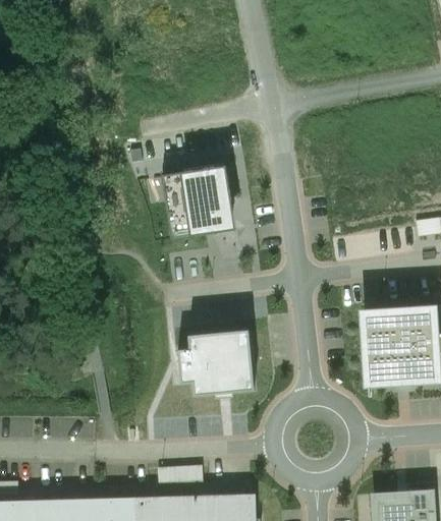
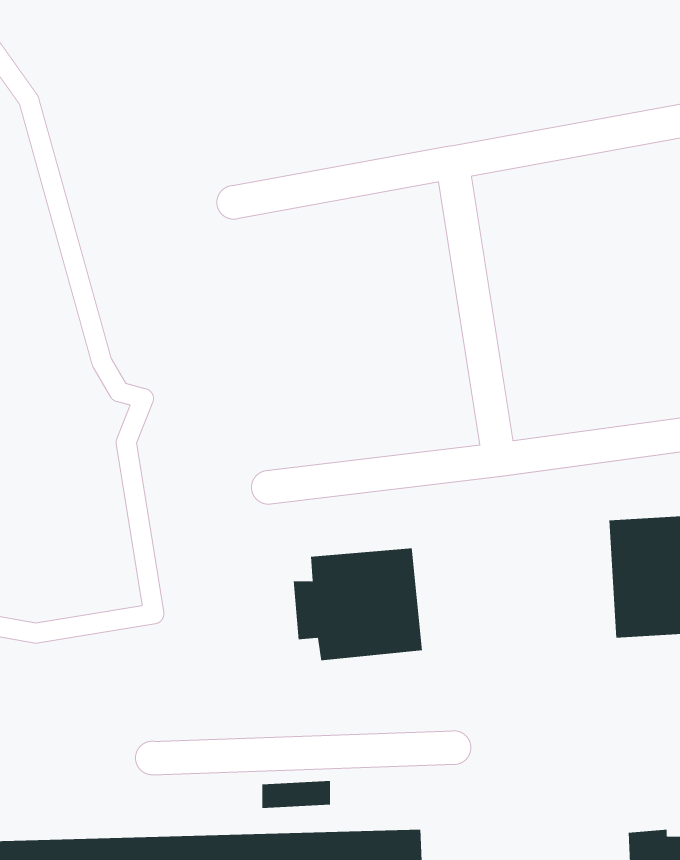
building: [161,166,235,239] -> none

